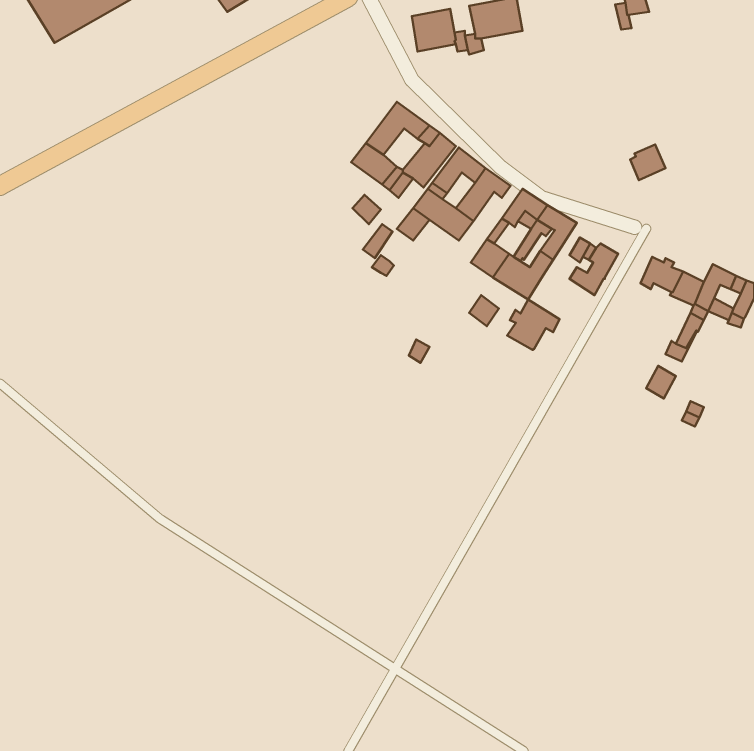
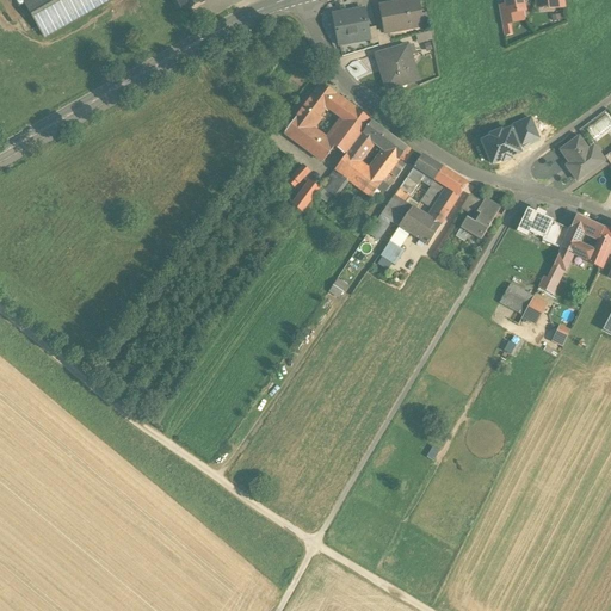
building: none -> [375,43,412,87]
building: none -> [482,129,519,162]
building: none -> [561,135,604,179]
building: [507,300,560,350] -> none
building: none -> [499,283,532,314]

